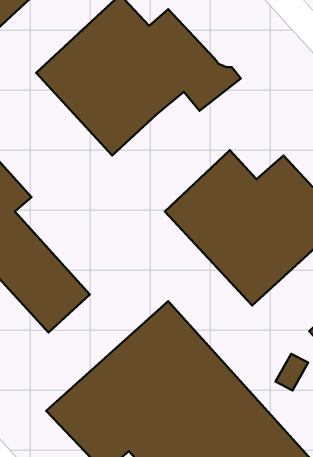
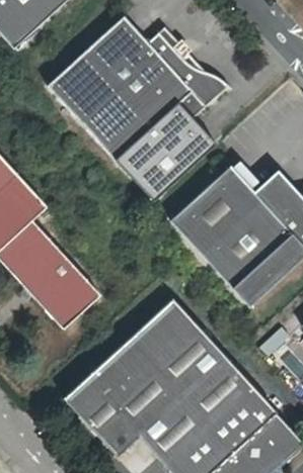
building: none -> [123,111,222,207]

